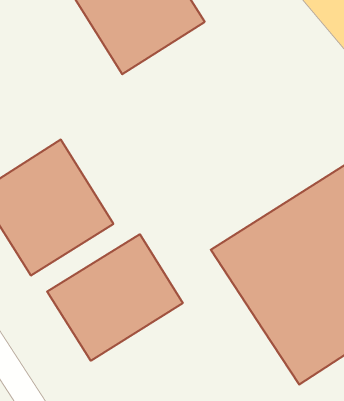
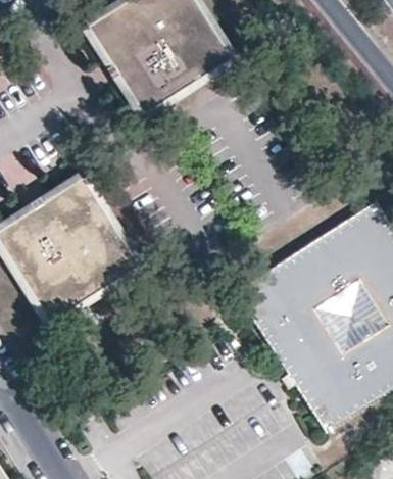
building: [47,234,183,361] -> none

